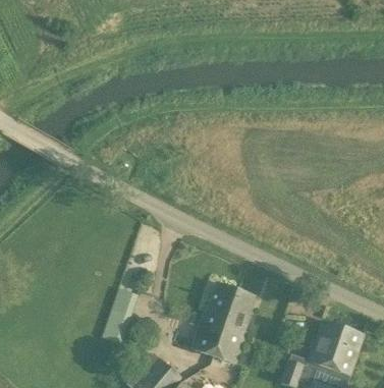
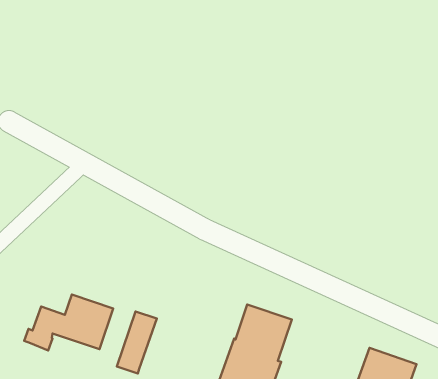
building: none -> [24,295,113,350]

